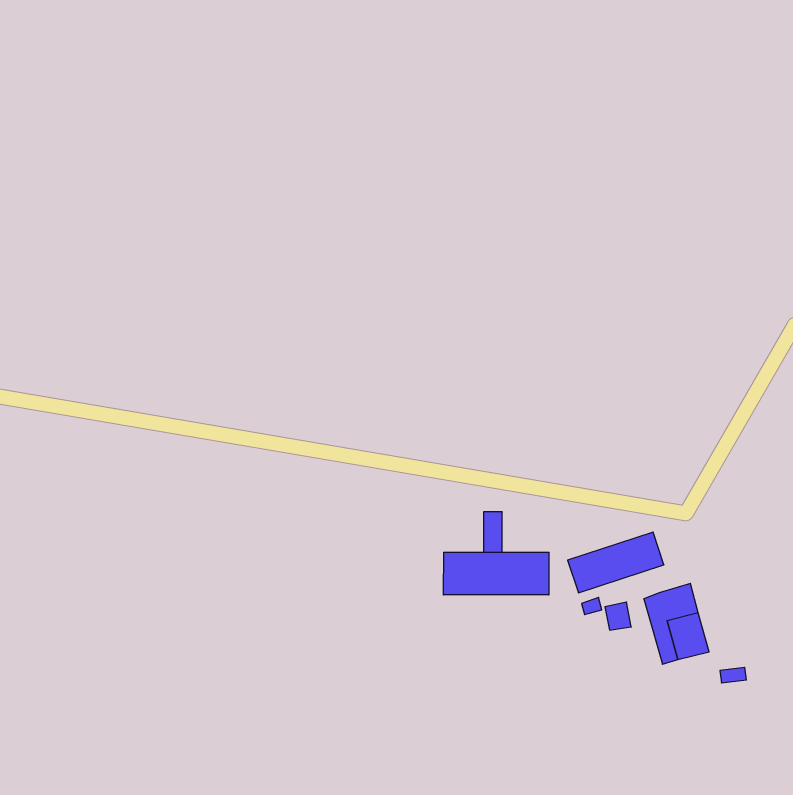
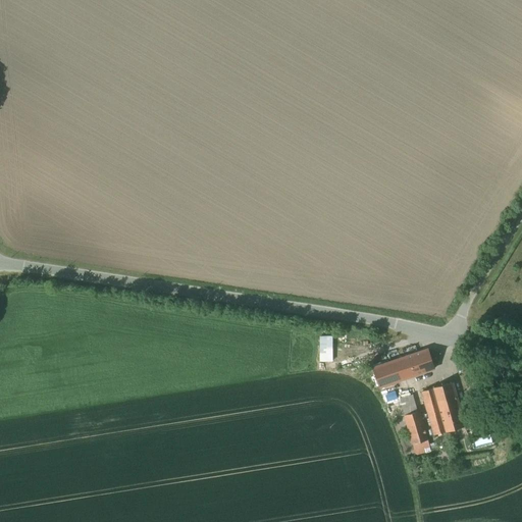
building: [443,552,549,595] -> none
building: none -> [403,413,430,456]

